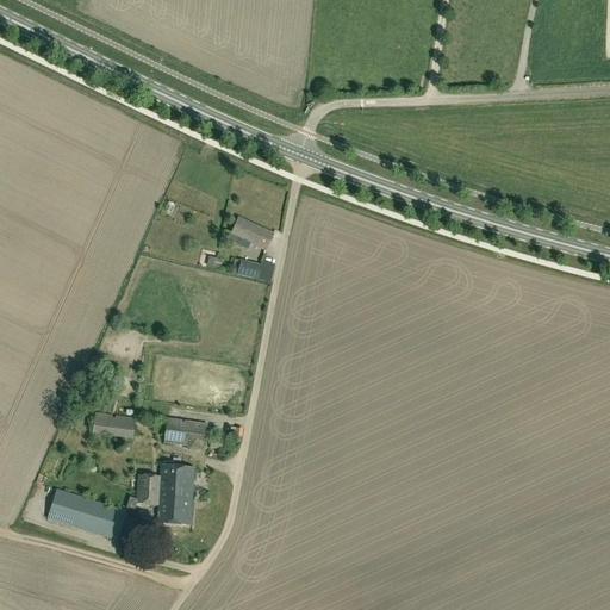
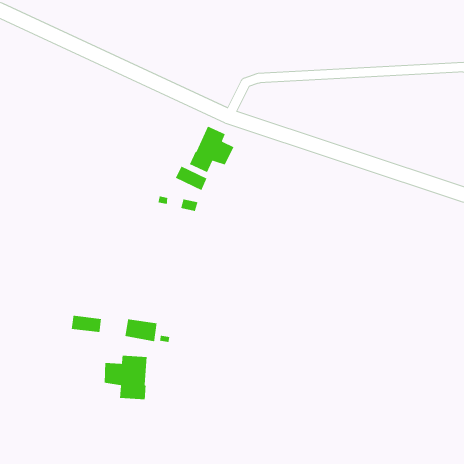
building: none -> [189,126,234,173]
building: [46,488,125,540] -> none

